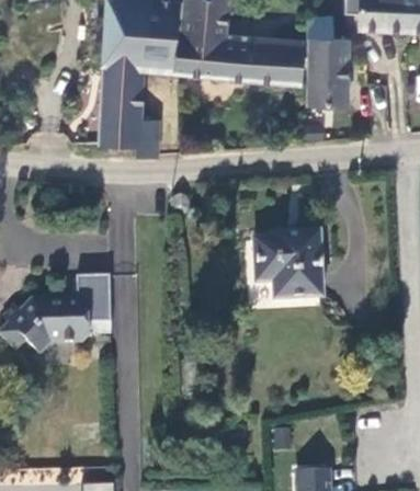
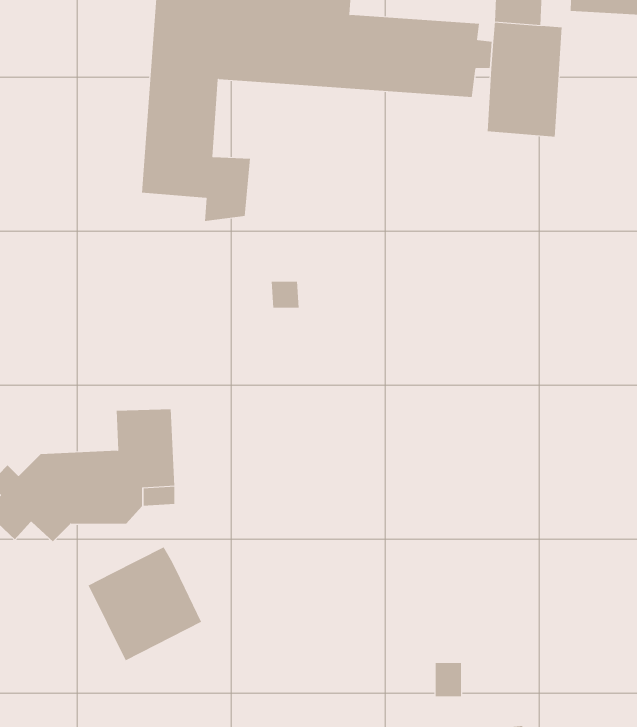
building: [254,230,323,301] -> none
building: none -> [88,546,202,661]

